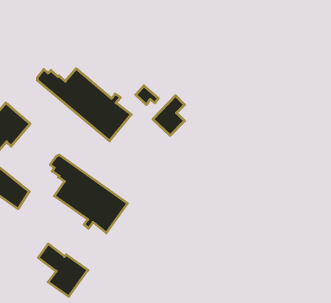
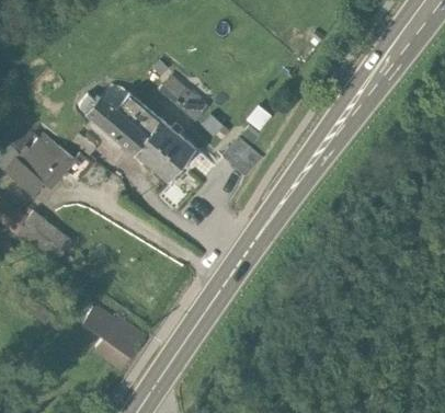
building: none -> [157,73,207,121]
building: [50,155,127,233] -> none

